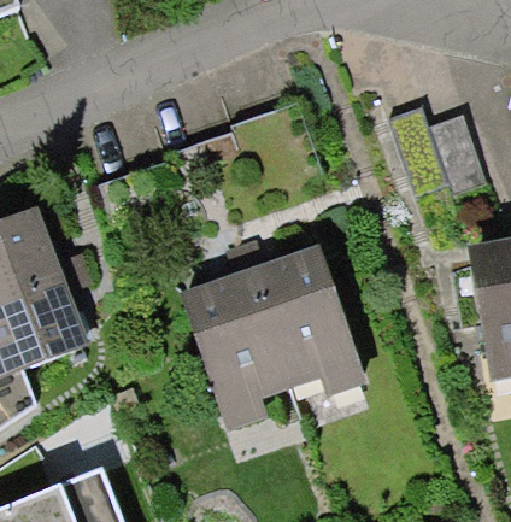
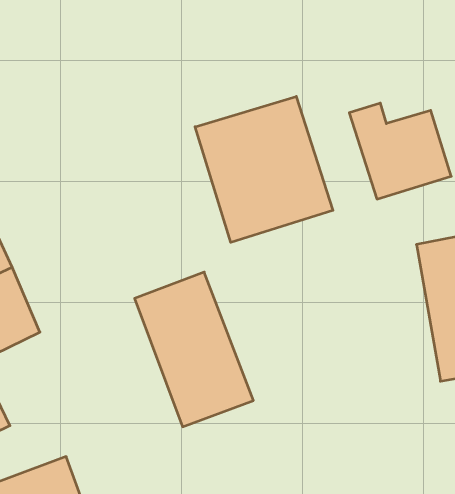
building: none -> [195,96,333,242]
building: [242,245,372,405] -> none

